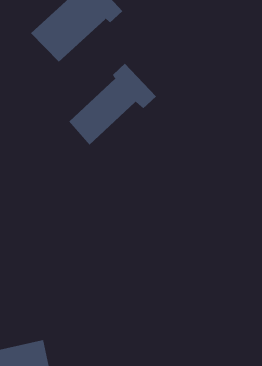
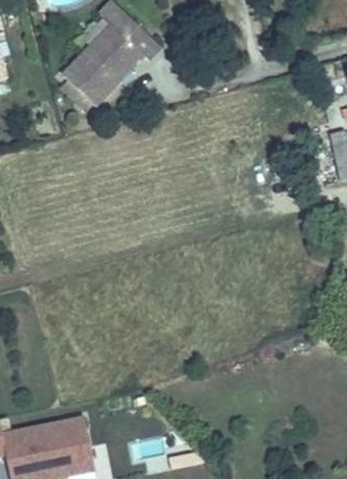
building: [68,63,157,145] -> none

